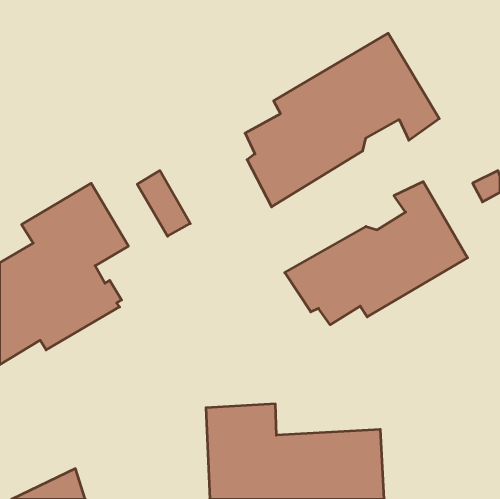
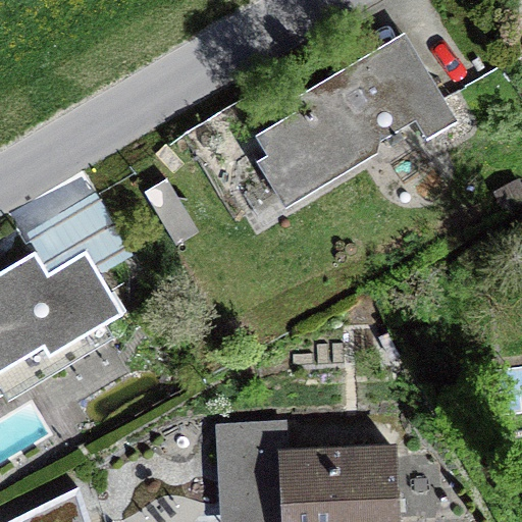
building: [285,182,468,325] -> none

